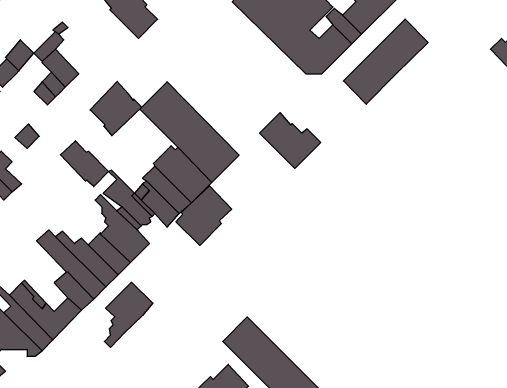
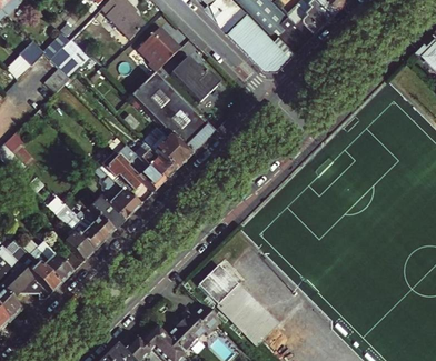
building: [343,19,428,104] -> none
building: [90,81,142,136] -> [137,28,179,72]
building: [260,113,321,168] -> [169,58,219,103]
building: [60,141,109,187] -> none
building: [176,186,232,245] -> none
building: [104,282,153,347] -> none

